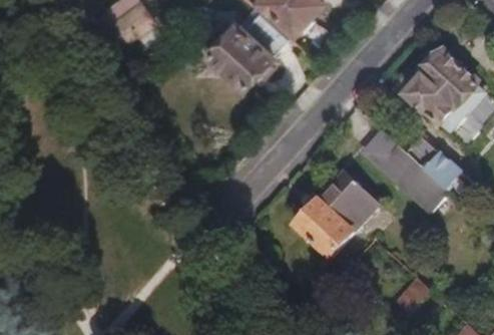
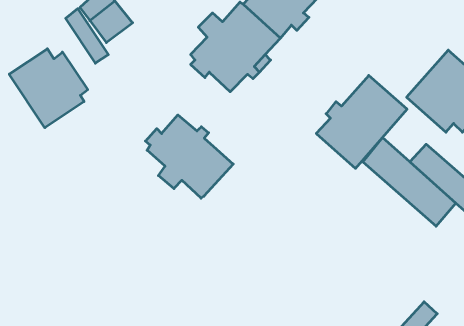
building: none -> [9,49,88,128]
building: none -> [145,115,233,198]
building: [292,172,375,257] -> [316,75,407,168]

